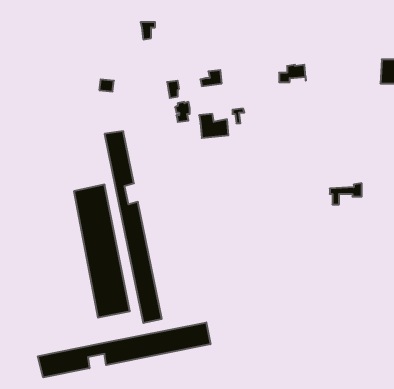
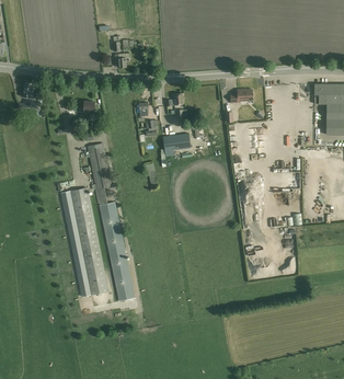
building: [38,322,210,377] -> none

